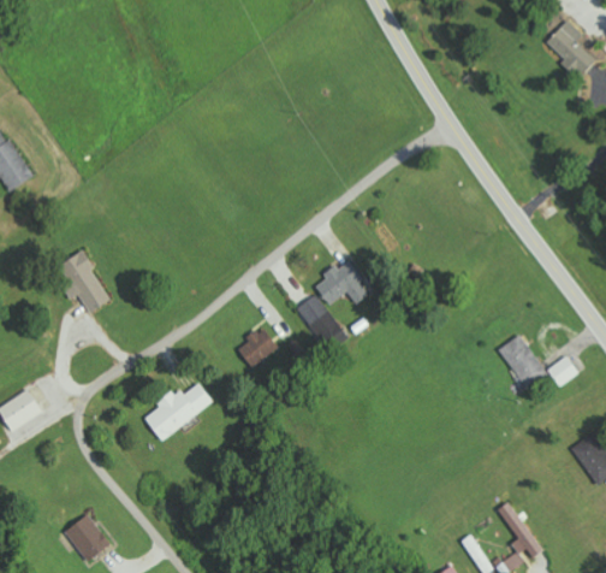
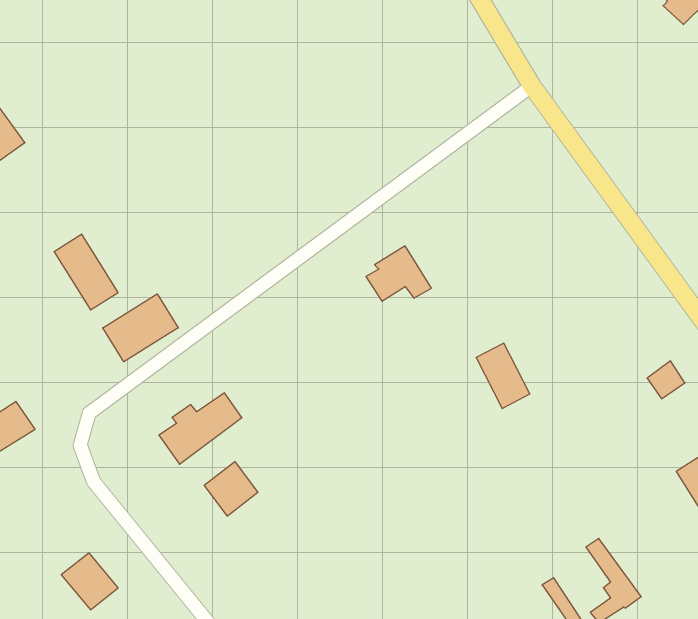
building: [296,295,340,341] -> none
building: none -> [103,294,178,362]
building: [244,329,278,361] -> none
building: [500,333,545,388] -> [476,343,530,409]
building: none -> [204,462,258,516]

